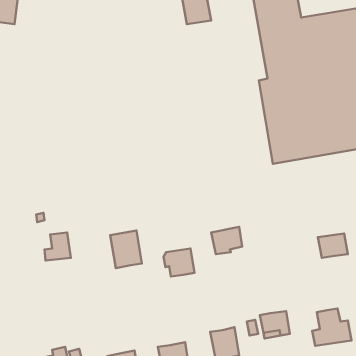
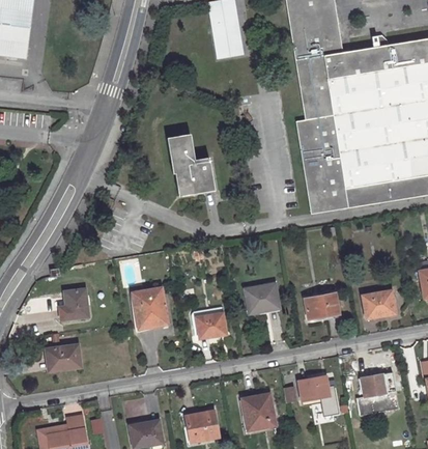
building: none -> [167,133,215,195]
building: none -> [304,291,338,317]
building: none -> [46,344,80,370]

